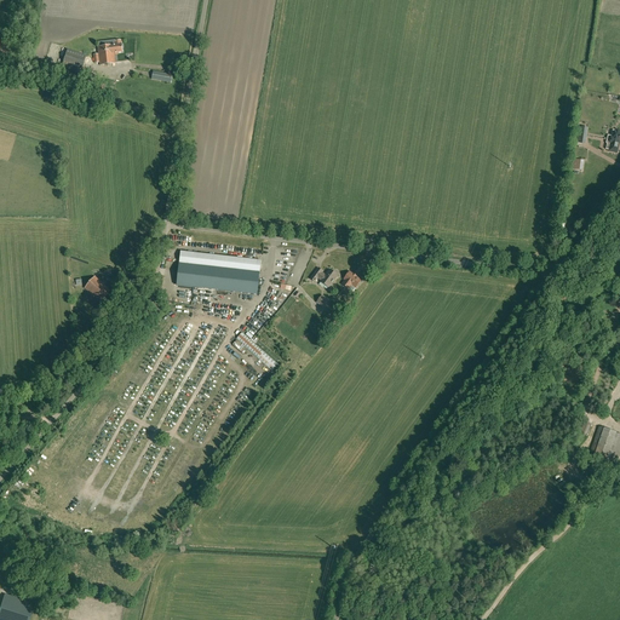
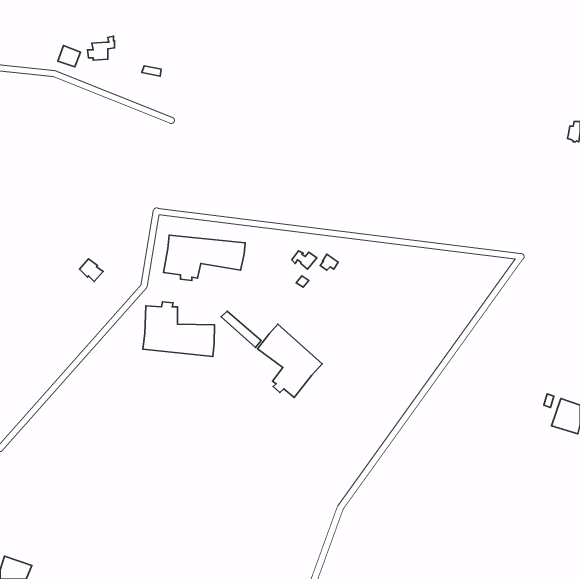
building: none -> [143,302,215,357]
building: none -> [258,324,322,397]

